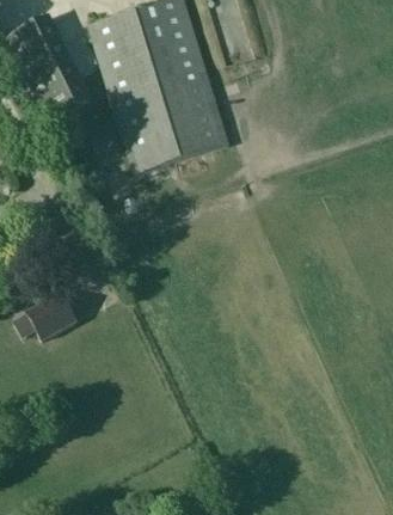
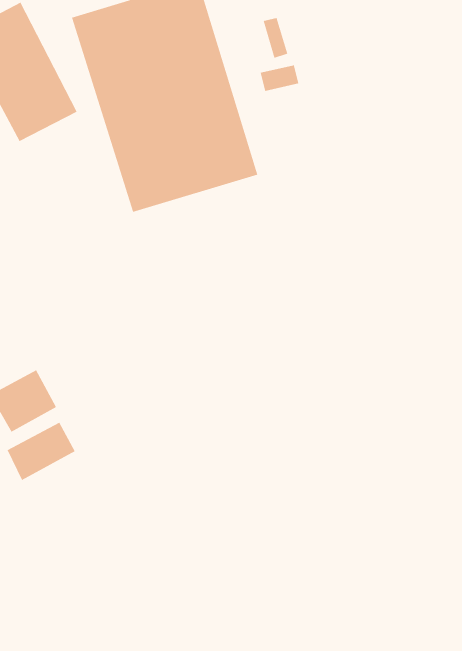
building: none -> [7,422,76,481]

